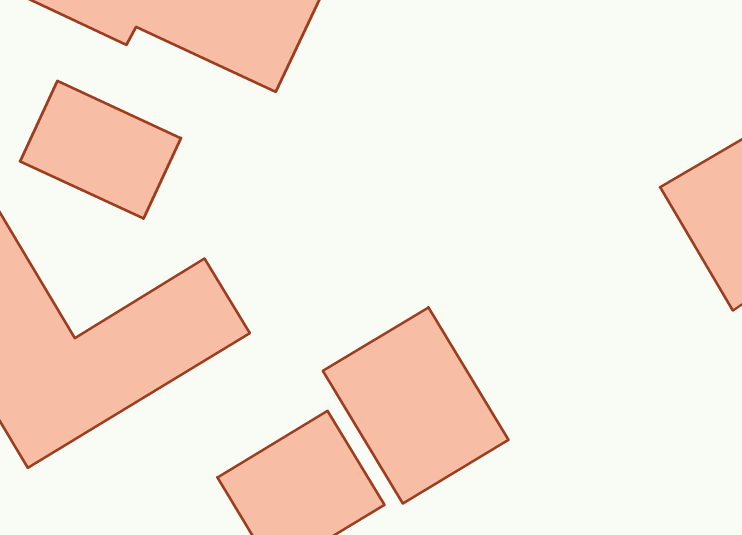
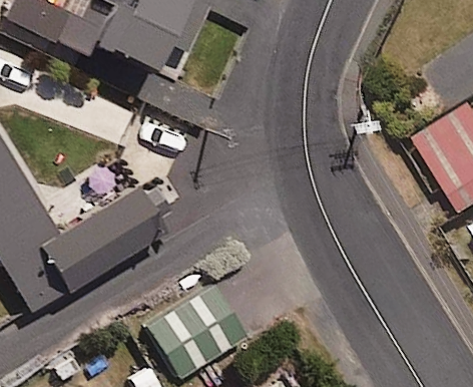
building: [20,81,181,219] -> none
building: [323,307,508,503] -> none

